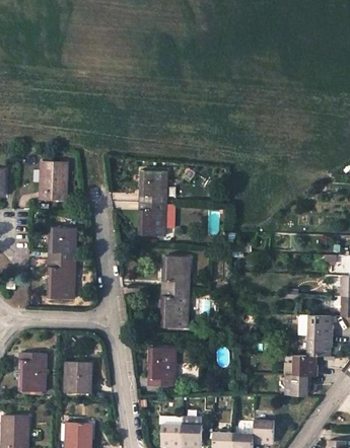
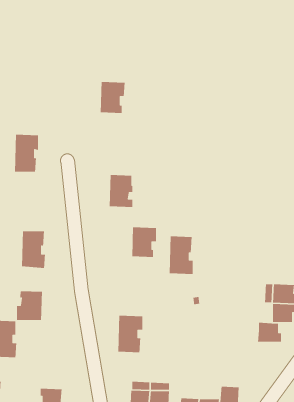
building: [141,170,167,204] -> [100,81,126,114]
building: [51,228,77,260] -> none
building: [162,288,188,328] -> [169,235,193,275]
building: [65,362,92,393] -> [16,290,43,321]
building: [286,375,311,396] -> none

